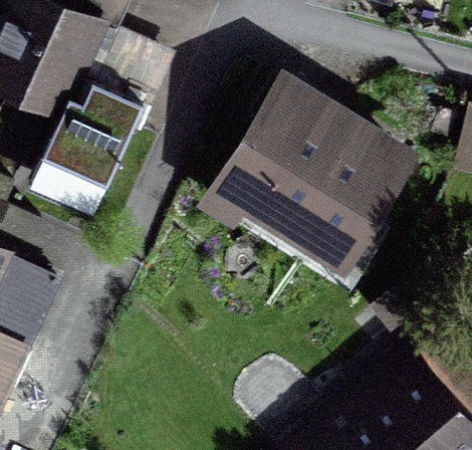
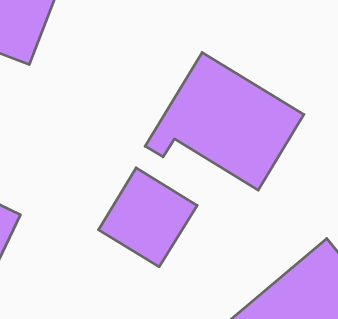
building: [35,86,142,205] -> none
building: none -> [98,168,197,267]

